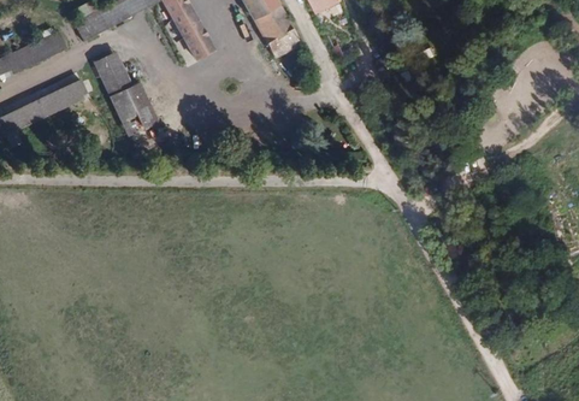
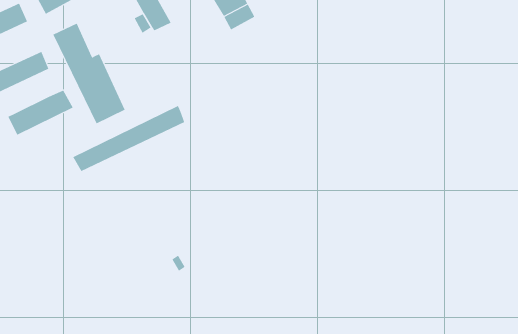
building: none -> [7,90,74,135]
building: none -> [72,105,185,172]

